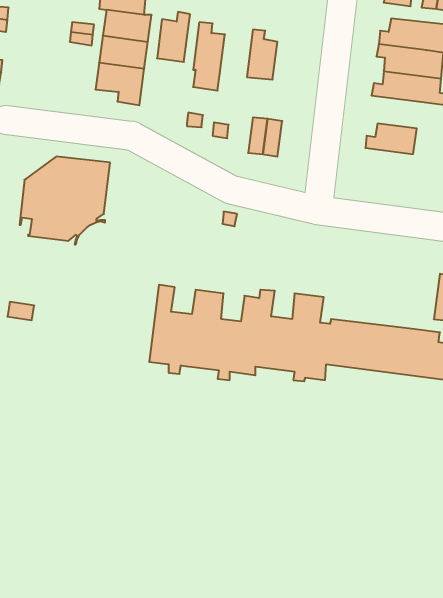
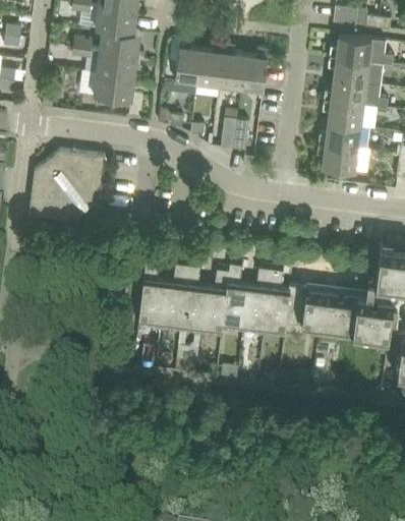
building: [157,12,190,62] -> [196,43,224,84]
building: none -> [240,49,268,90]
building: none -> [322,100,362,127]
building: none -> [316,143,357,171]

